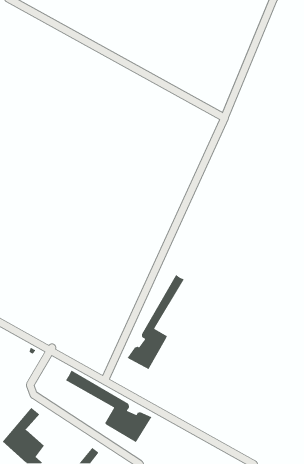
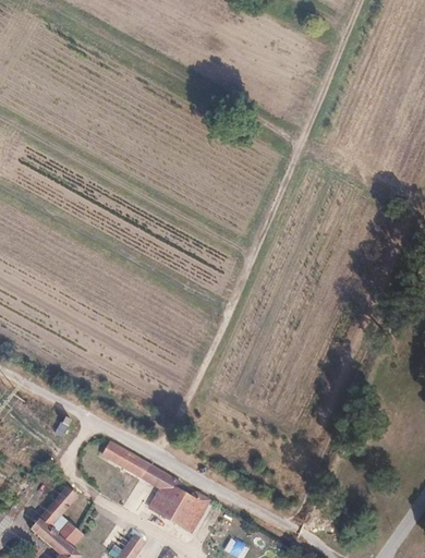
building: [127,274,185,370] -> none

